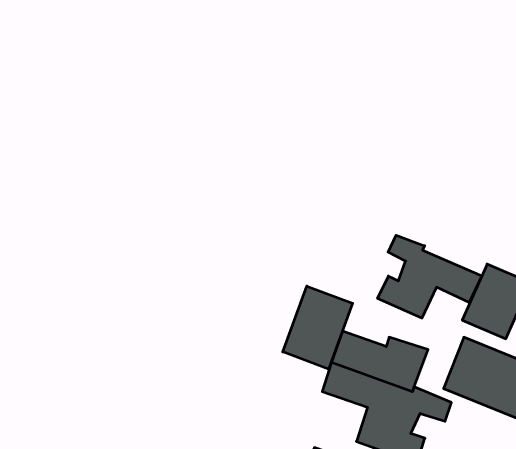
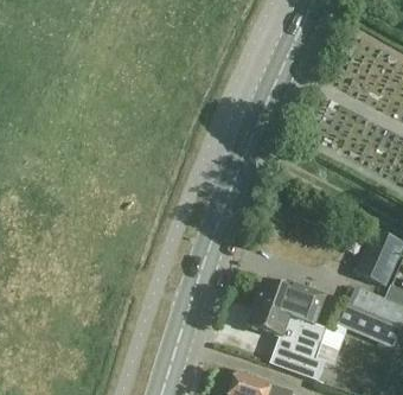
building: [378,235,482,318] -> none
building: [283,286,353,369] -> none

